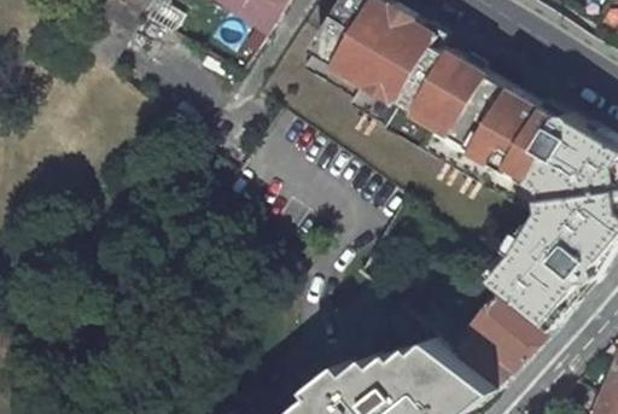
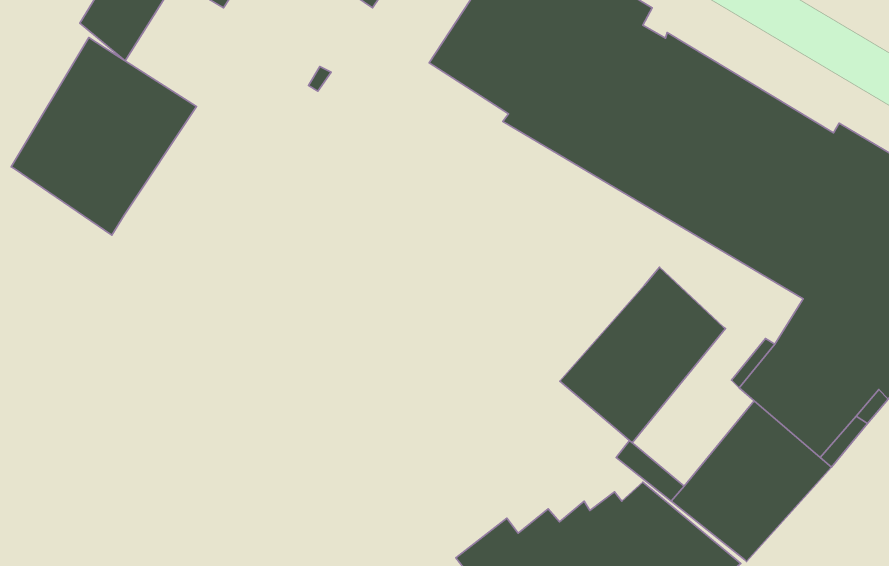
building: none -> [11,37,197,235]
building: none -> [560,267,726,443]

